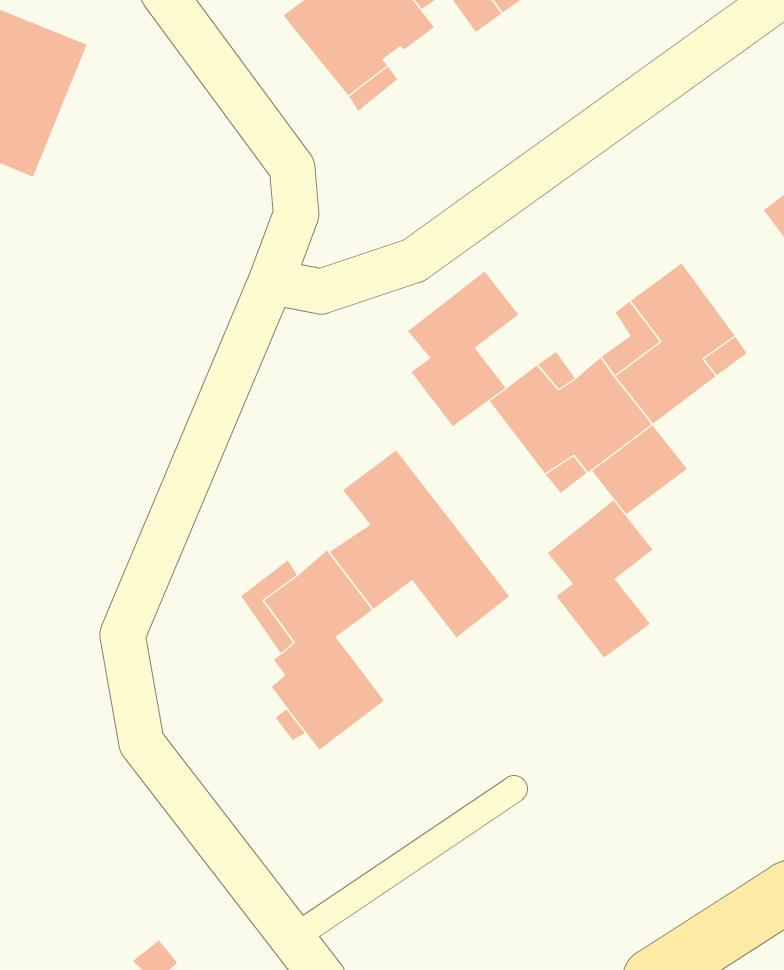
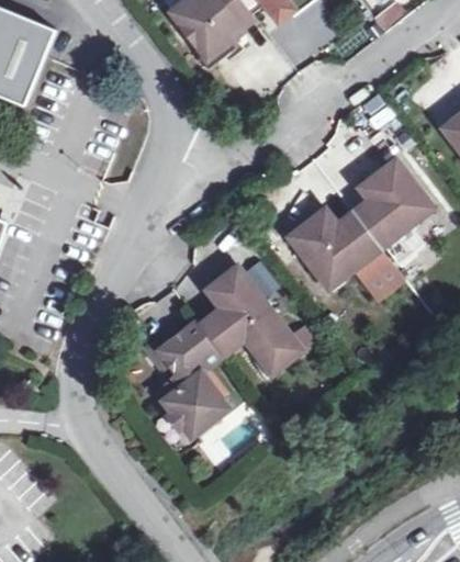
building: [407,271,519,427] -> none
building: [547,499,653,658] -> none

